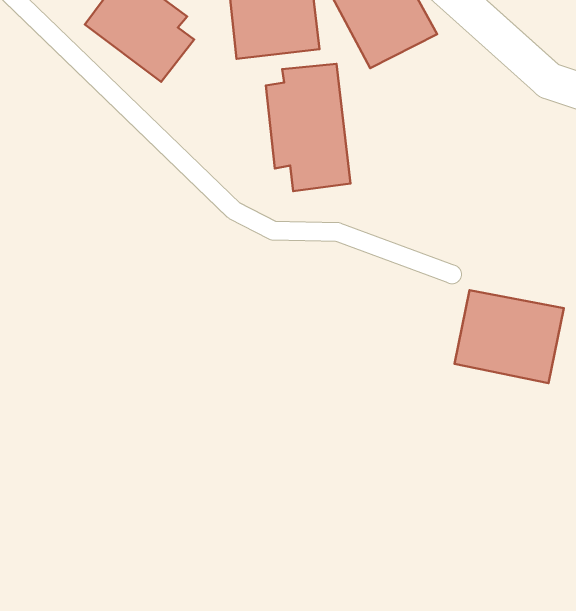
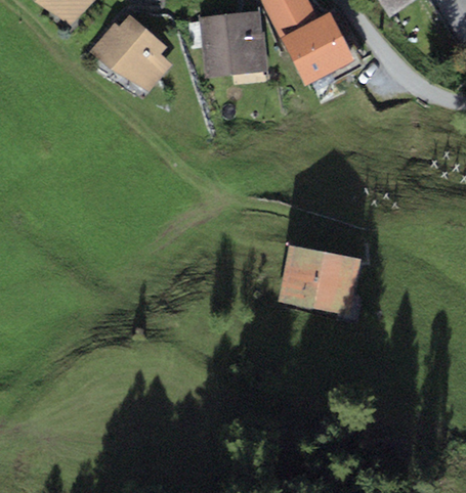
building: [266,64,350,191] -> none
building: [454,290,564,383] -> [279,243,361,313]

